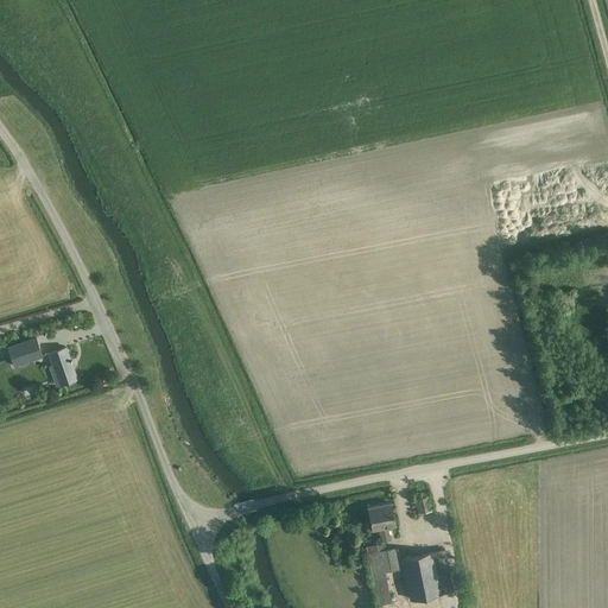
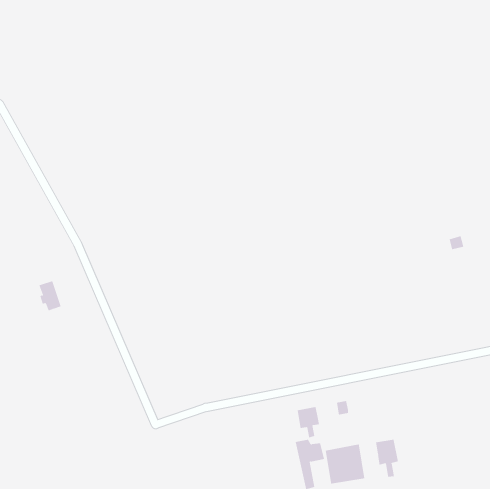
building: [7,340,43,368] -> none
building: none -> [375,439,398,477]

